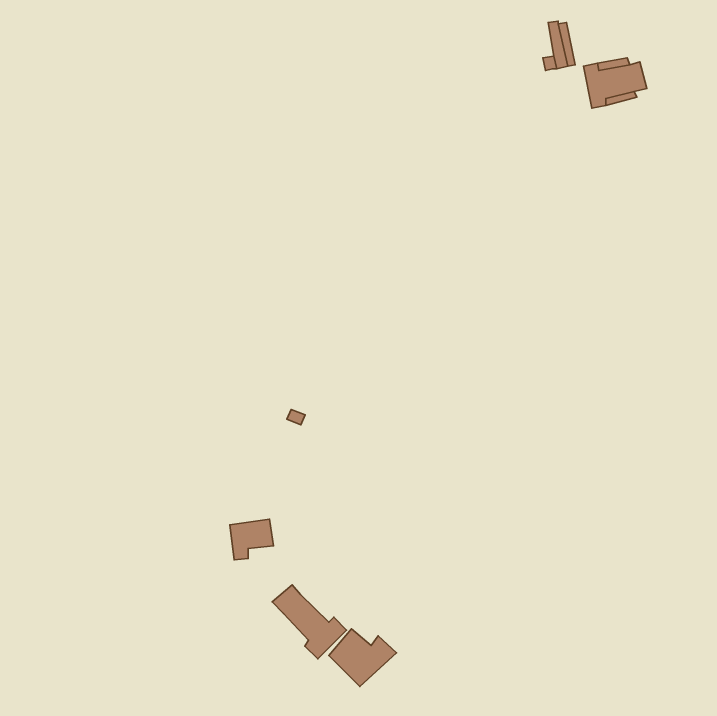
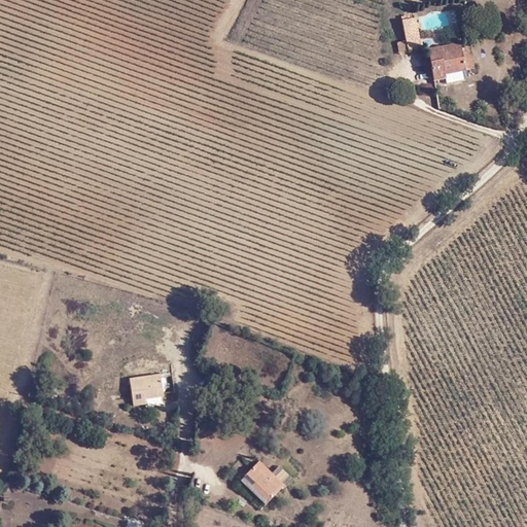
building: [230,519,274,560] -> [130,374,162,403]
building: [272,585,347,659] -> none

